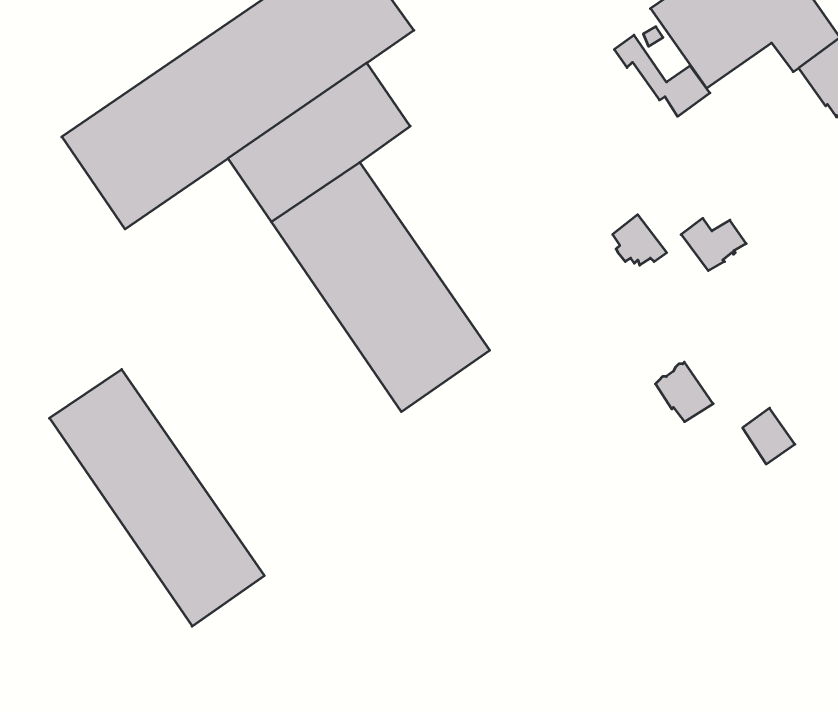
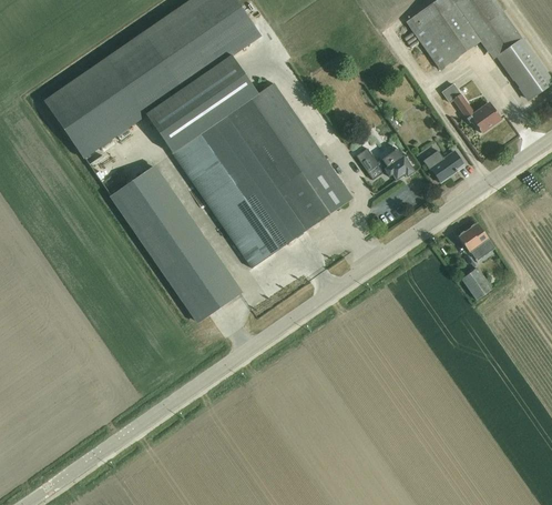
building: [614,35,710,116] -> [441,82,500,132]
building: none -> [226,82,352,230]
building: none -> [356,148,386,179]
building: [655,362,713,422] -> [459,222,494,259]
building: [49,369,264,626] -> [110,164,242,322]

